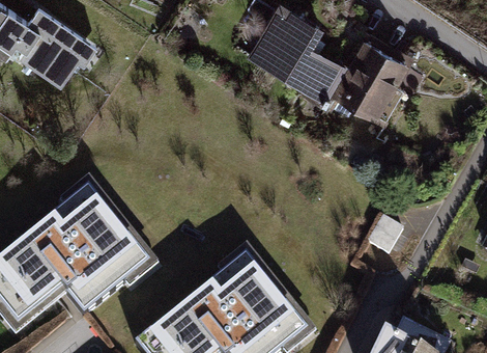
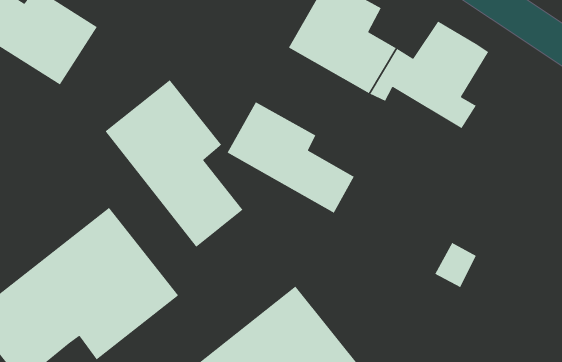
building: none -> [104,79,243,248]
building: none -> [227,101,355,214]

